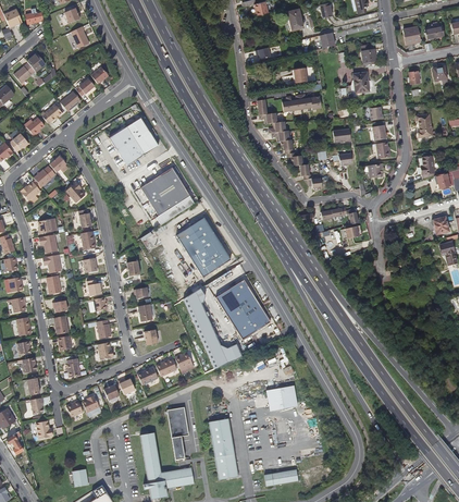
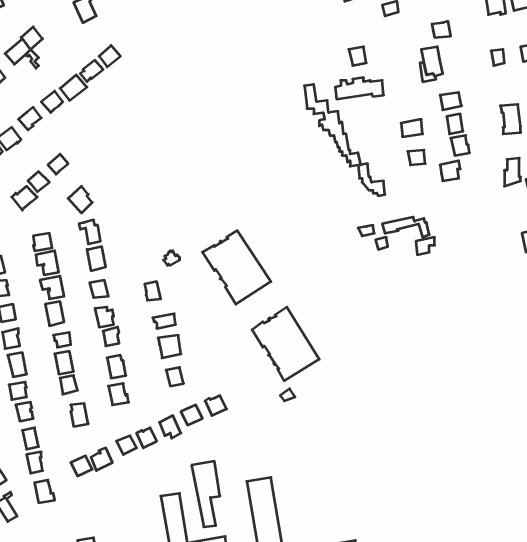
building: [108,118,157,167] -> none
building: [139,169,188,220] -> none
building: [266,384,297,409] -> none

